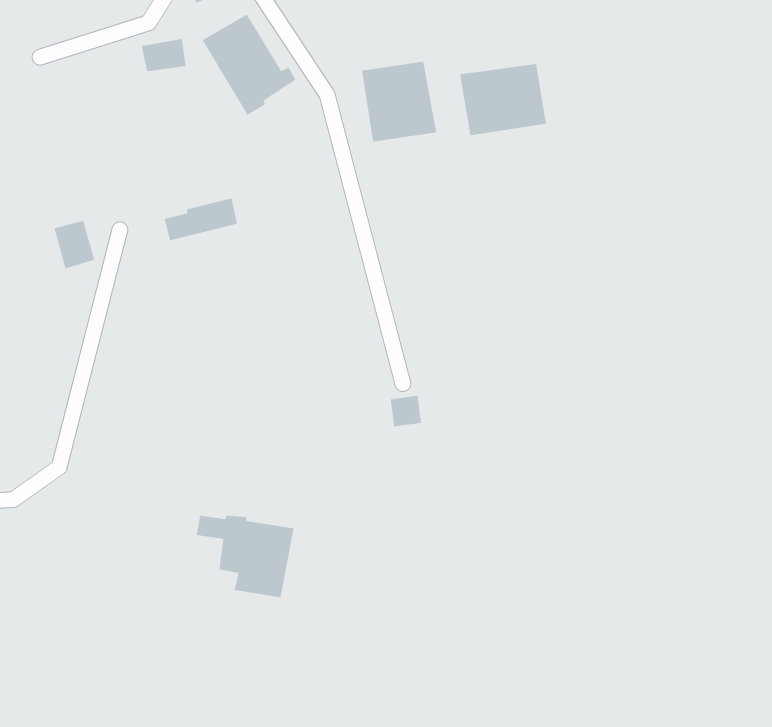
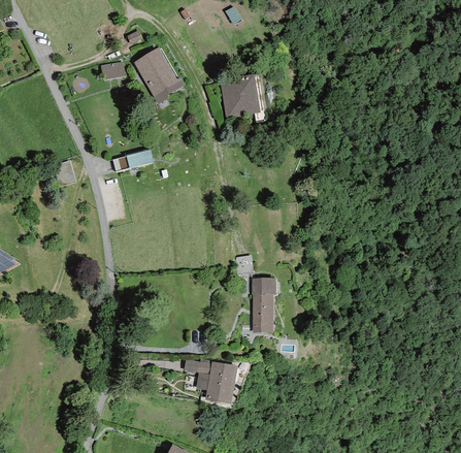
building: [459,63,547,136] -> none
building: none -> [252,279,274,332]
building: [196,515,295,598] -> [184,359,237,405]

